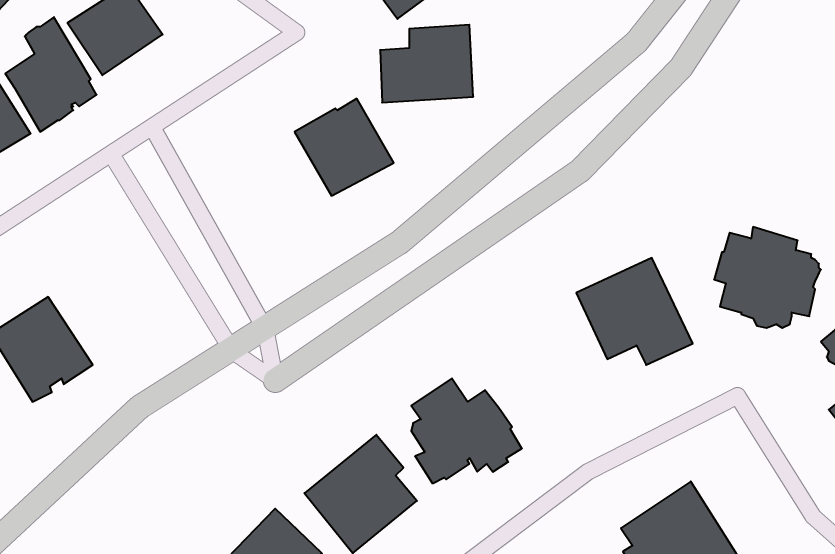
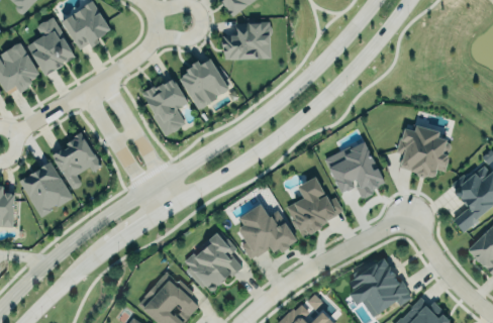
building: none -> [142,79,188,135]
building: none -> [52,130,101,191]
building: none -> [285,173,336,235]

